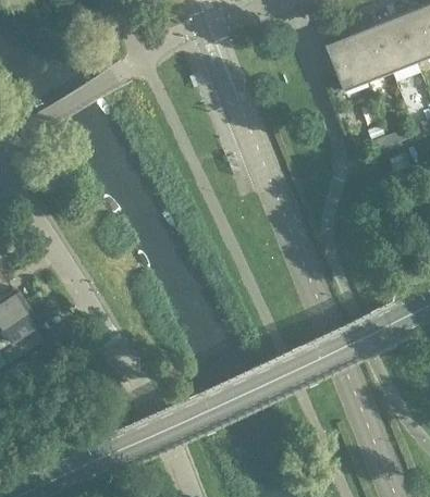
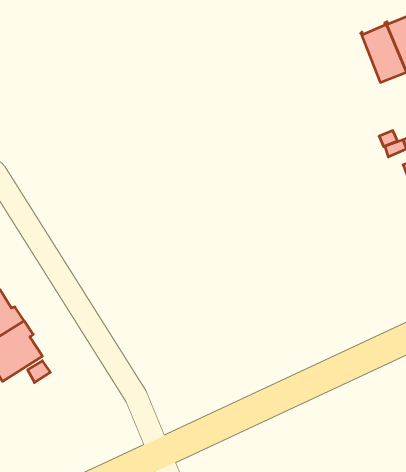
building: [322,34,367,90] -> none

